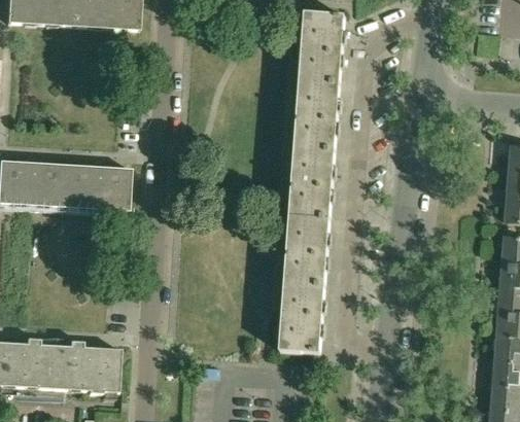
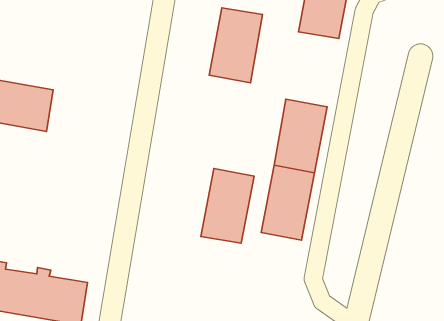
building: [293,81,339,151] -> [209,8,262,83]
building: [64,165,130,210] -> none
building: [279,281,324,351] -> [201,168,254,243]

